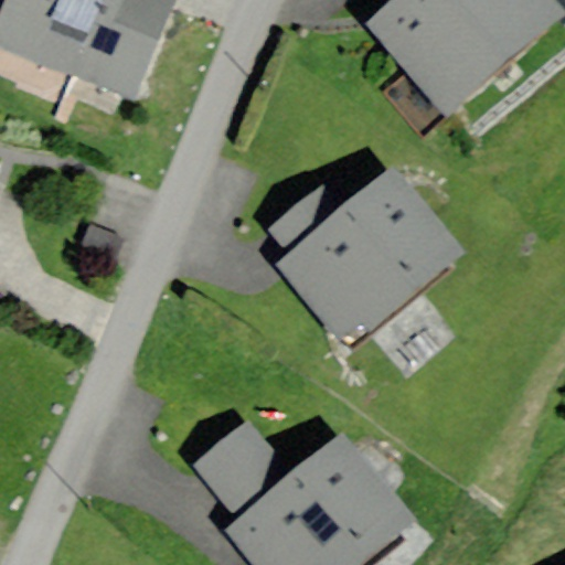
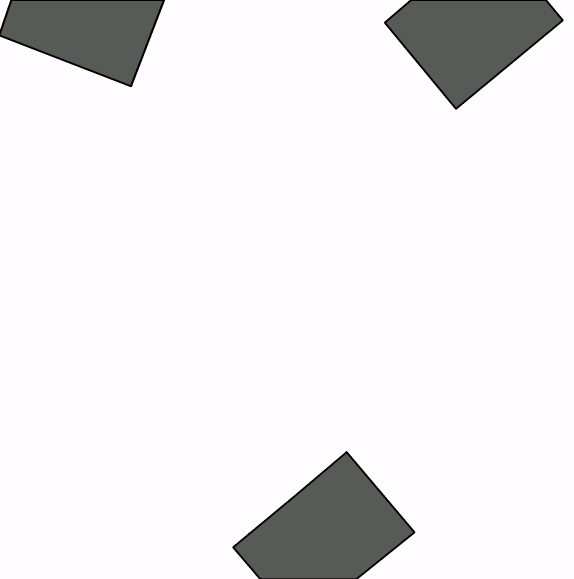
building: [280,177,447,333] -> none
building: [203,433,287,520] -> none

